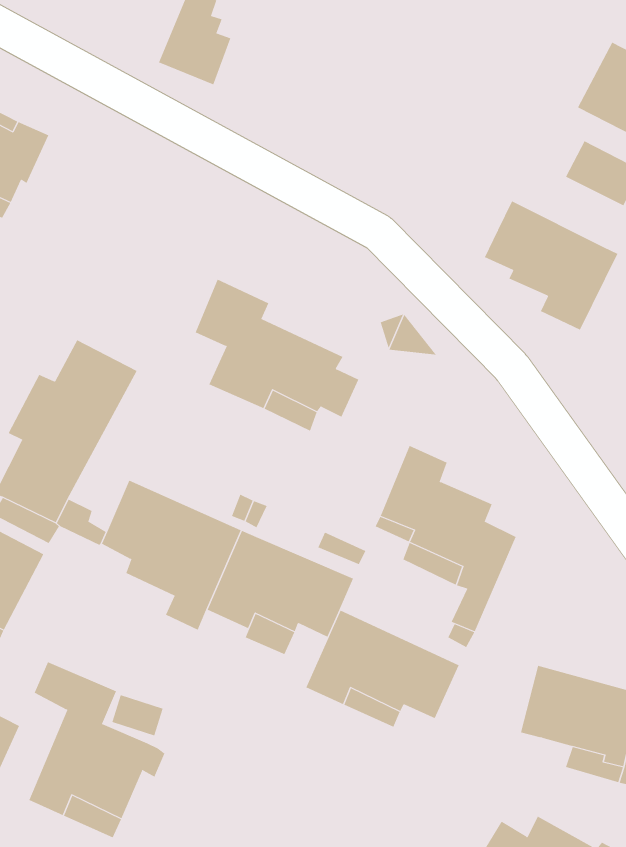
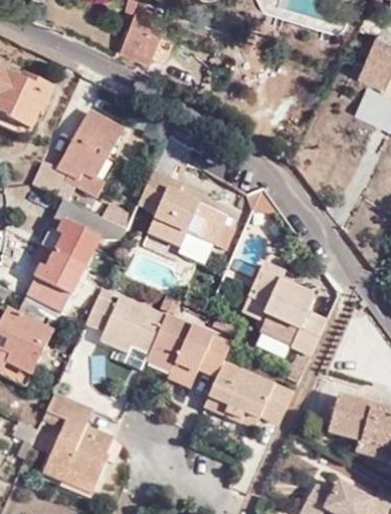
building: none -> [31,109,124,197]
building: [484,200,618,330] -> none

